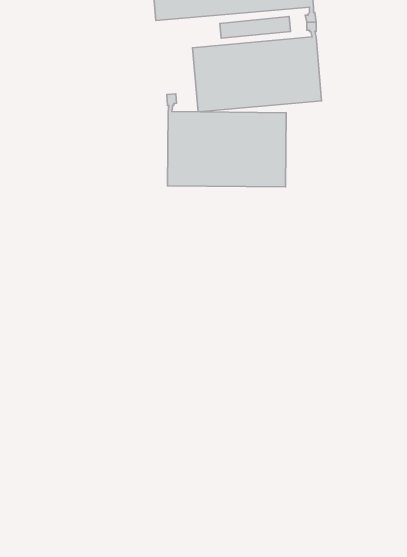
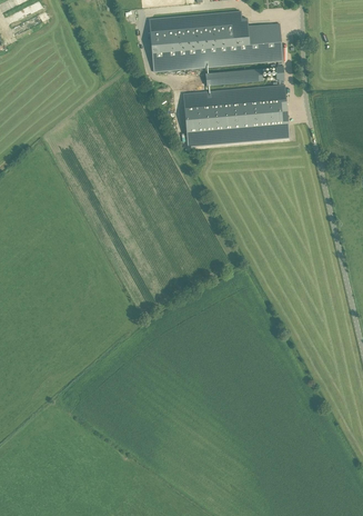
building: [167,94,286,187] -> none

